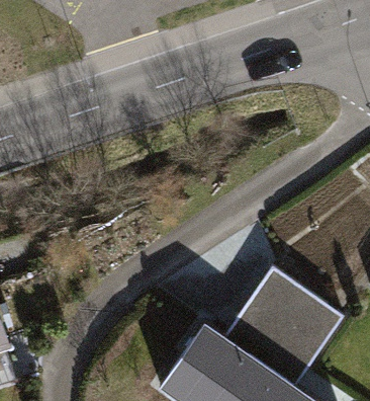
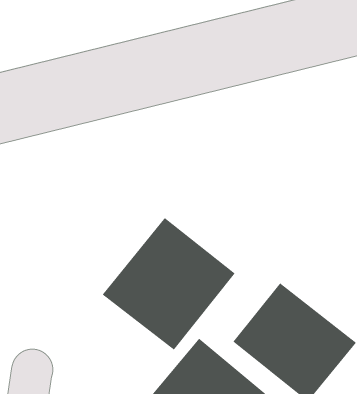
building: none -> [102,217,235,350]

